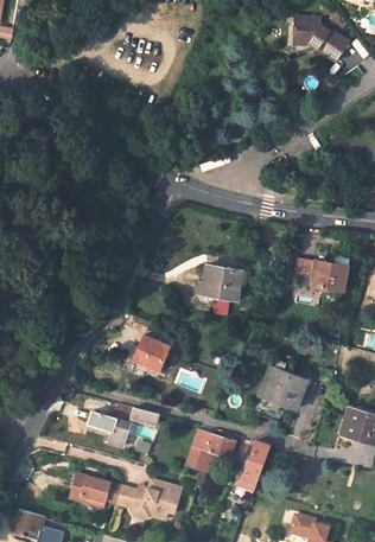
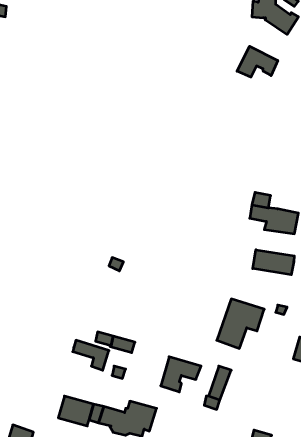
building: none -> [237,46,278,77]
building: [197,264,242,304] -> none
building: none -> [253,250,294,275]
building: [132,334,167,370] -> none

